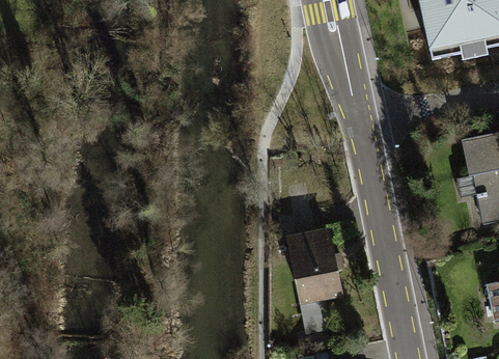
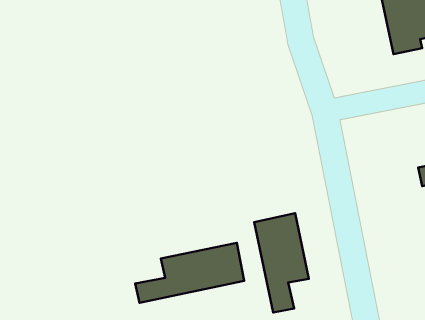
building: none -> [135,243,244,303]

